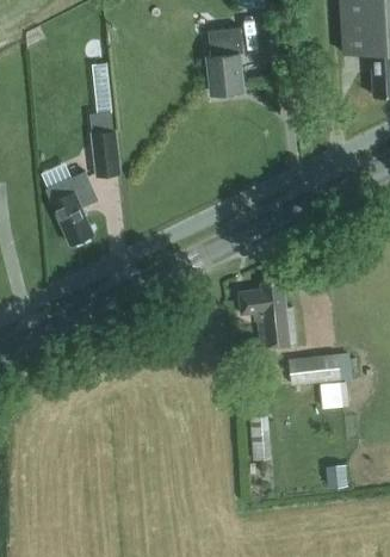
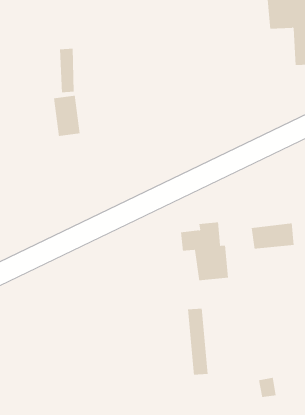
building: [206,26,243,93] -> none
building: [47,173,95,242] -> none
building: [287,355,339,386] -> [251,223,295,249]

